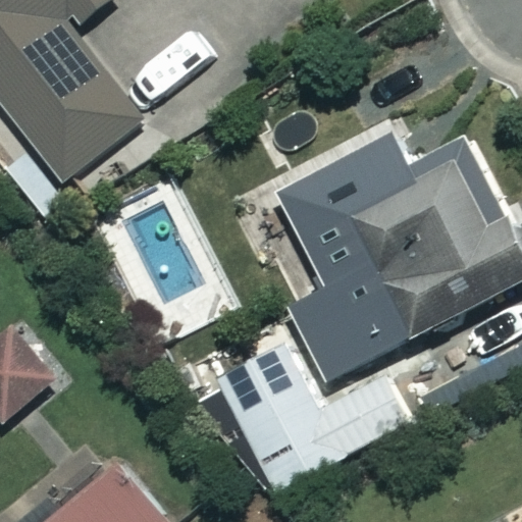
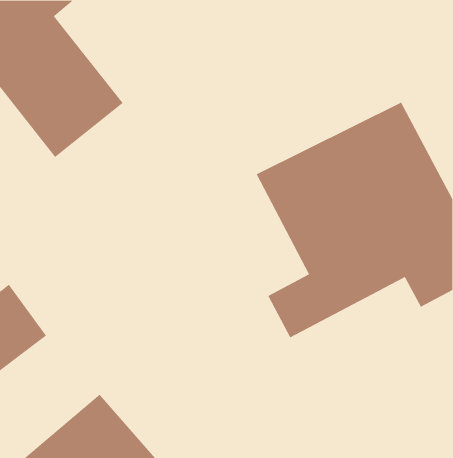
building: [210,340,413,491] -> none

